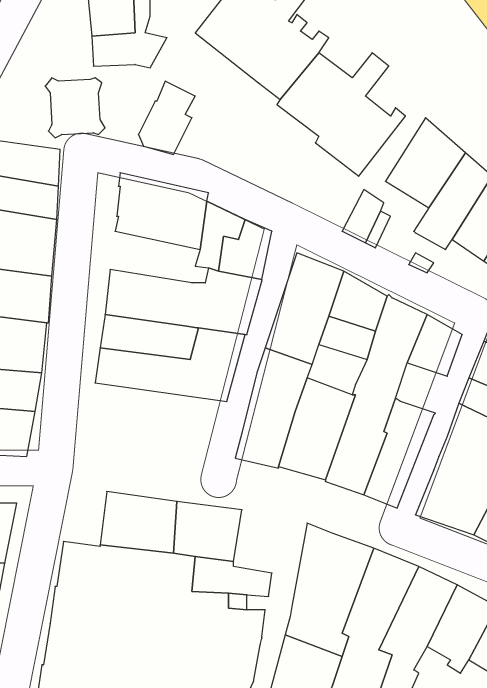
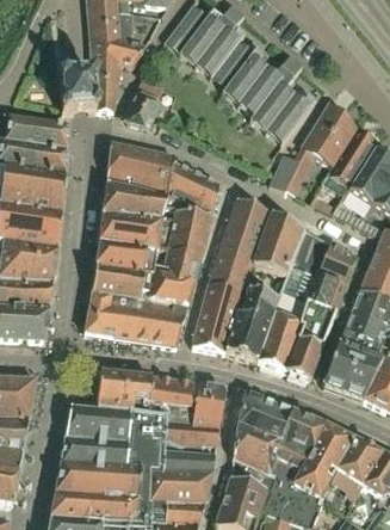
building: none -> [92,62,122,110]
building: none -> [104,181,168,218]
building: none -> [308,276,345,312]
building: none -> [85,290,187,345]
building: none -> [192,381,227,426]

